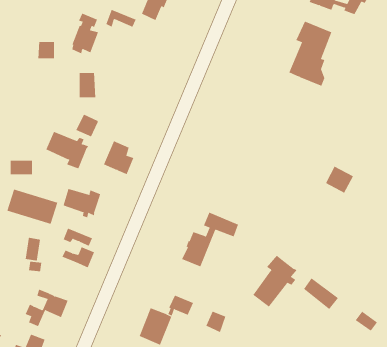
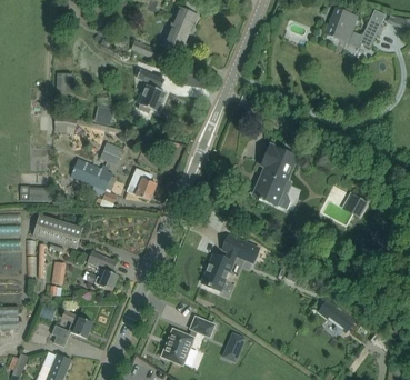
building: [71,13,99,54] -> [138,73,164,113]
building: [288,21,332,86] -> [253,146,296,209]
building: [63,188,101,218] -> none
building: [252,255,298,307] -> none

